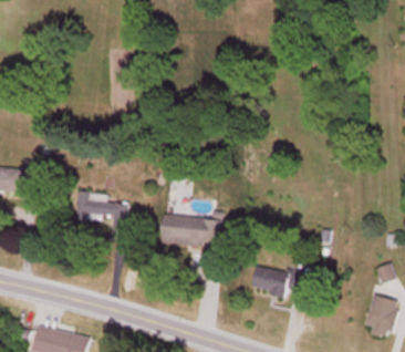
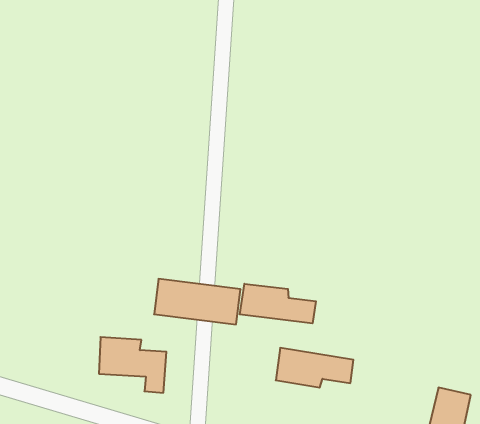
building: [75,191,126,234] -> [99,337,166,393]
building: none -> [240,284,316,323]

